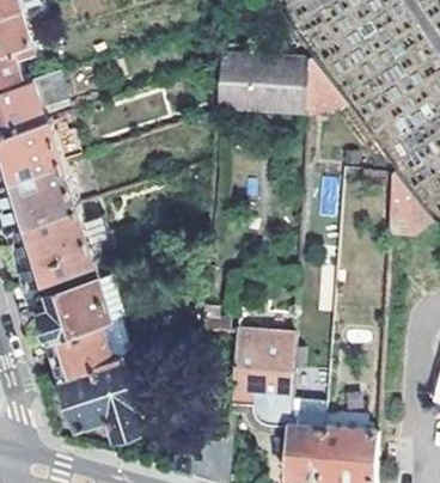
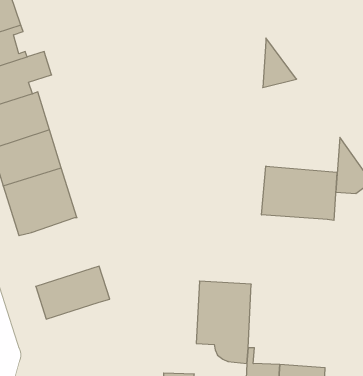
building: [214,54,302,110] -> none
building: none -> [262,166,337,220]
building: [37,259,109,337] -> none
building: [57,355,140,433] -> none

